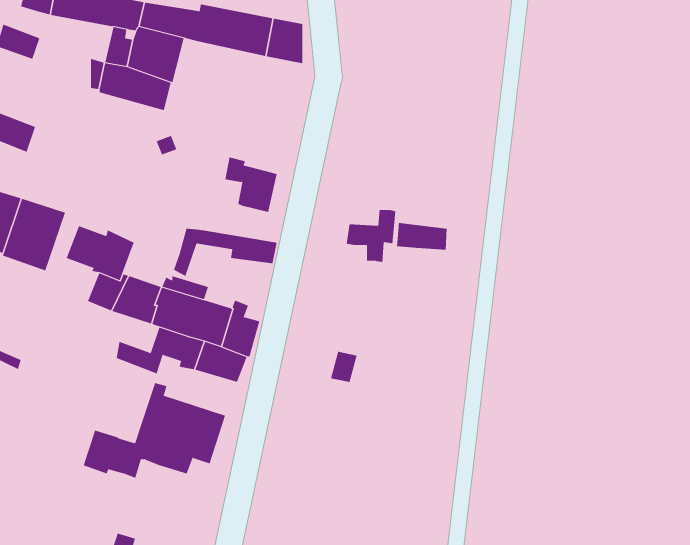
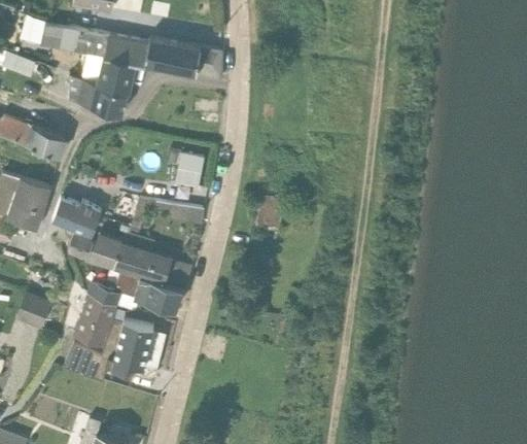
building: none -> [25,126,67,158]
building: [397,222,447,250] -> none
building: none -> [15,292,51,329]
building: none -> [73,293,118,346]

